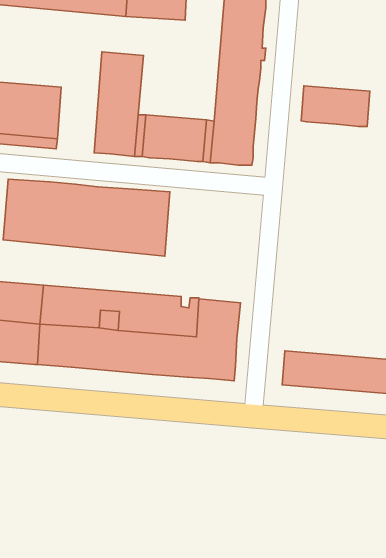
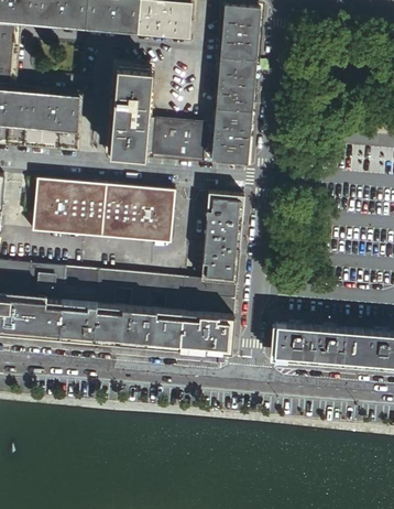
building: [301,86,370,127] -> none
building: none -> [201,194,244,284]

